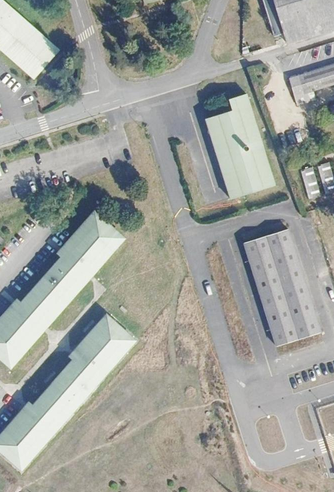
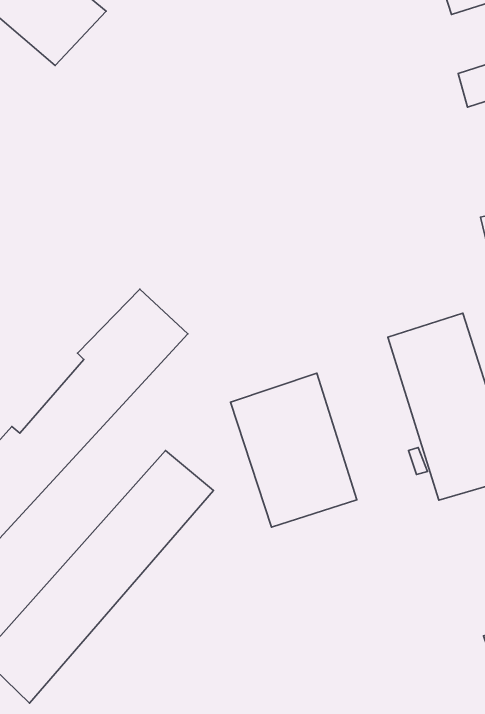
building: [203,96,275,198] -> none
building: none -> [231,373,357,527]

